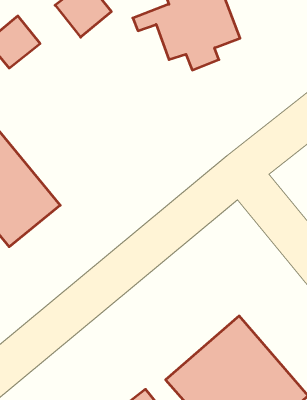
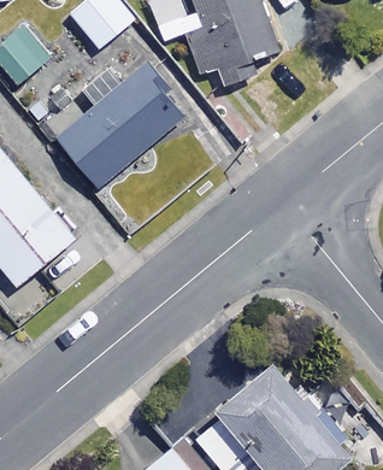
building: none -> [58,65,187,189]

